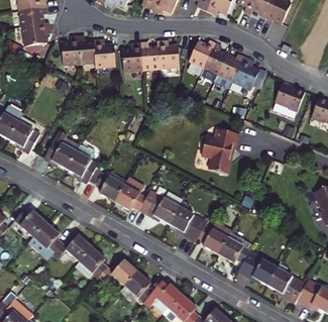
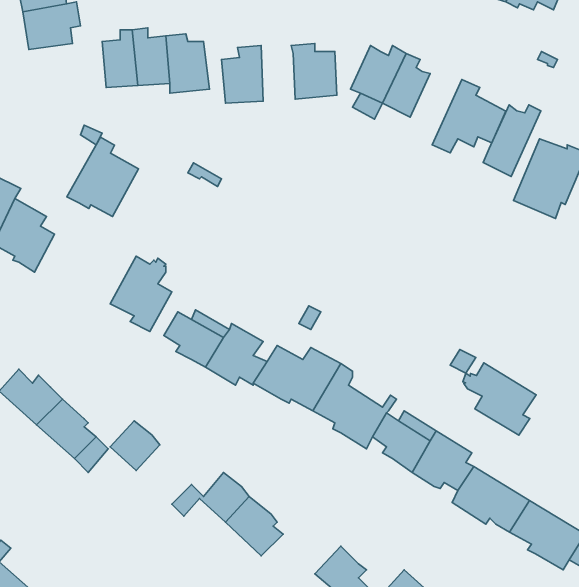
building: [143,39,160,69] -> none
building: [216,55,245,91] -> [483,105,541,176]
building: [199,130,236,174] -> none
building: [43,131,80,172] -> [67,137,138,217]
building: none -> [463,363,536,435]
building: [80,243,108,274] -> none
building: [143,280,184,309] -> none

